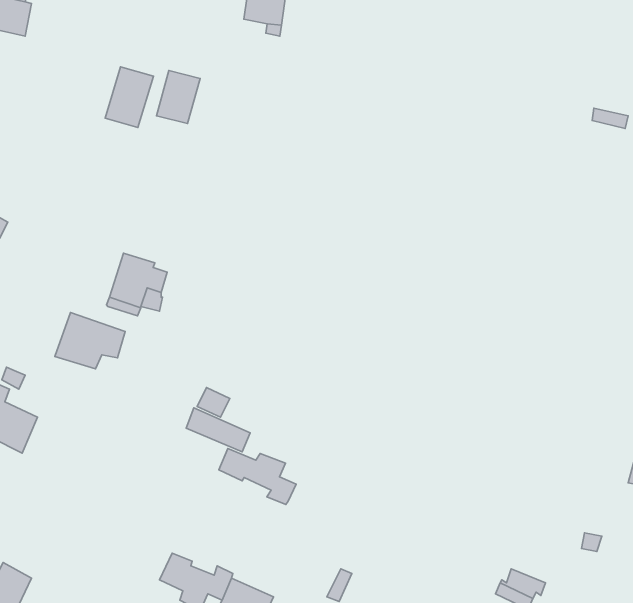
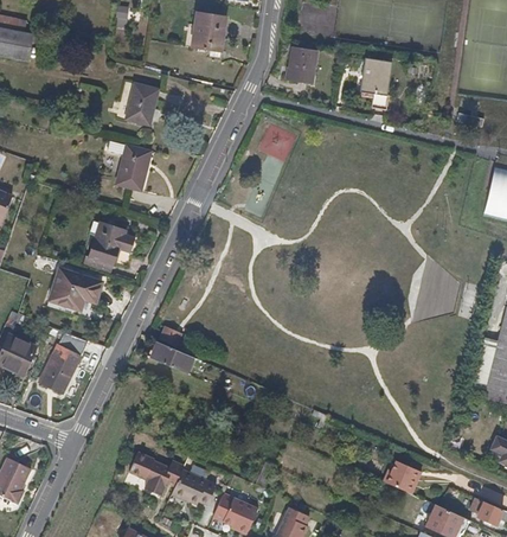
building: none -> [287,46,319,83]
building: none -> [357,58,391,110]
building: [105,67,153,128] -> [118,140,155,186]
building: none -> [40,345,81,394]
building: [219,448,296,504] -> none

